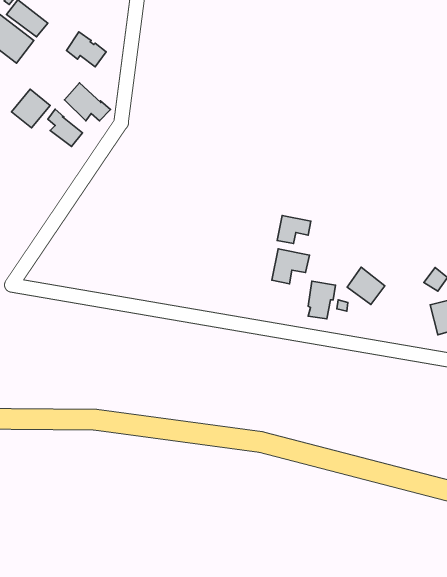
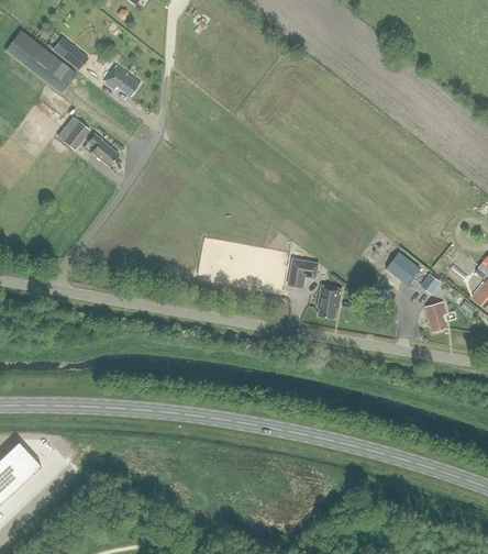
building: [64,83,110,121] -> none
building: [277,216,311,243] -> none
building: [347,267,385,305] -> [387,252,420,285]

